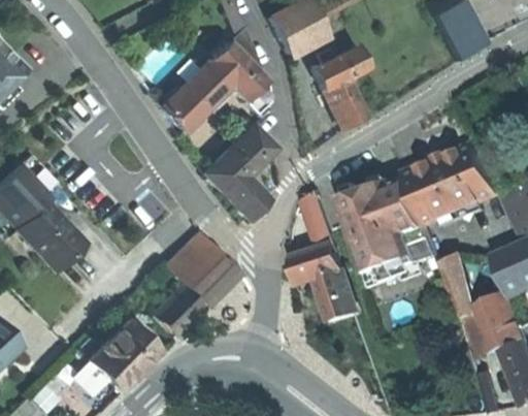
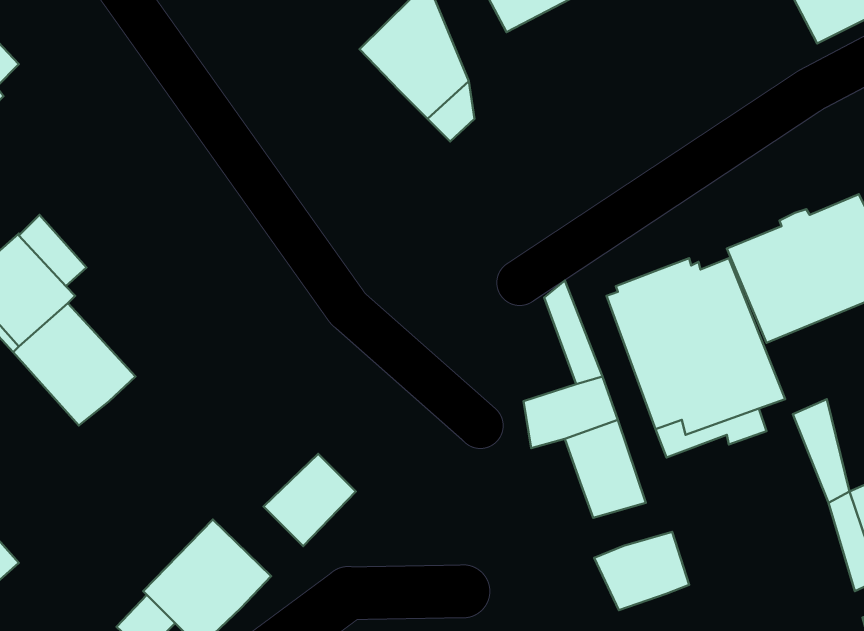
building: [312,46,369,130] -> none
building: [162,63,229,131] -> none
building: [203,126,274,219] -> none
building: [166,232,239,306] -> none
building: none -> [594,532,689,610]

